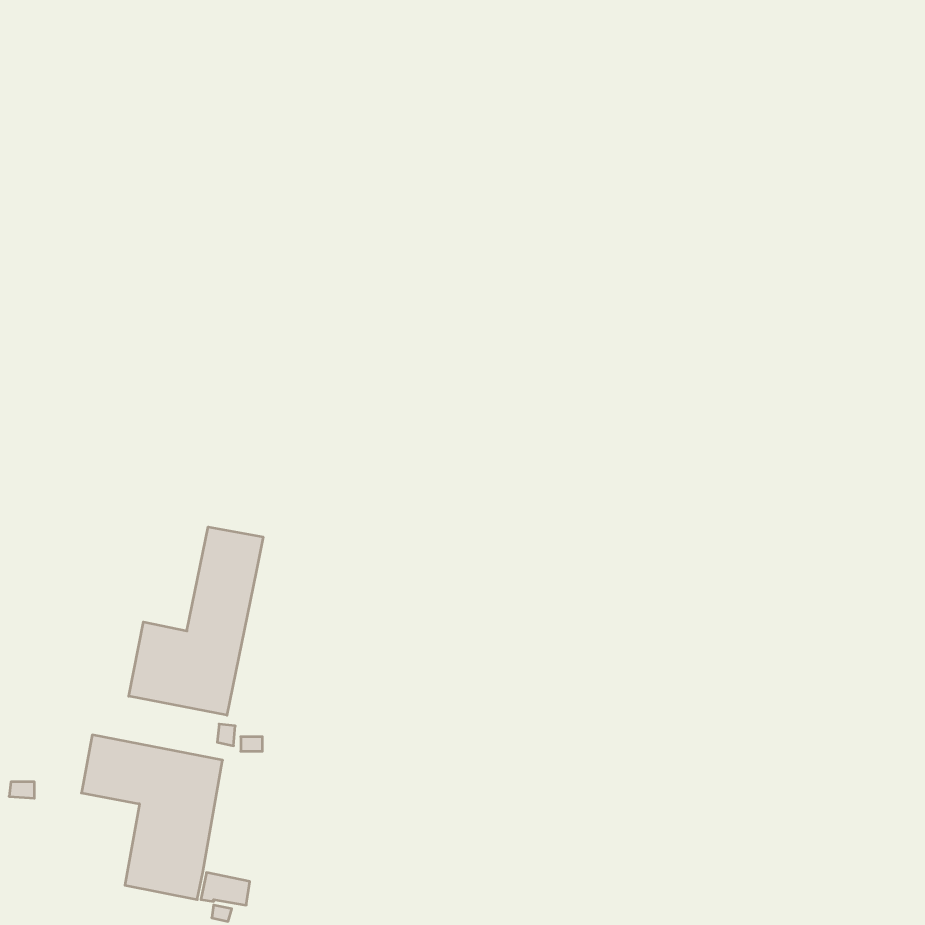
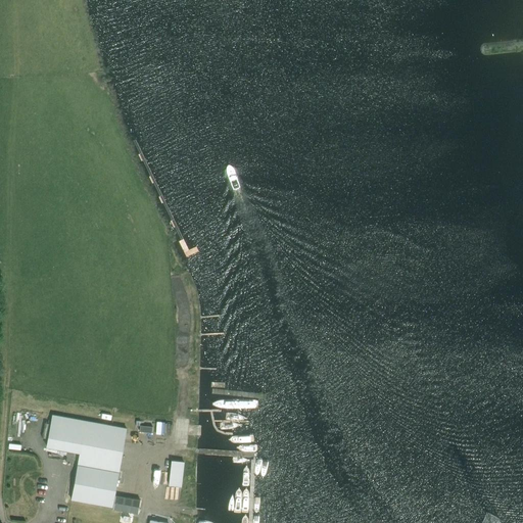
building: [129,527,263,715] -> none

